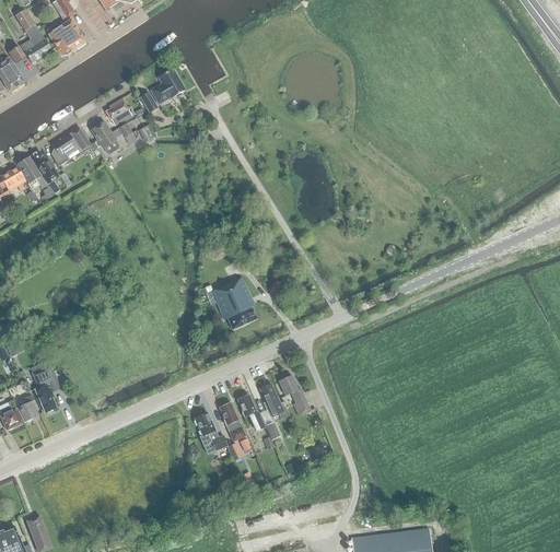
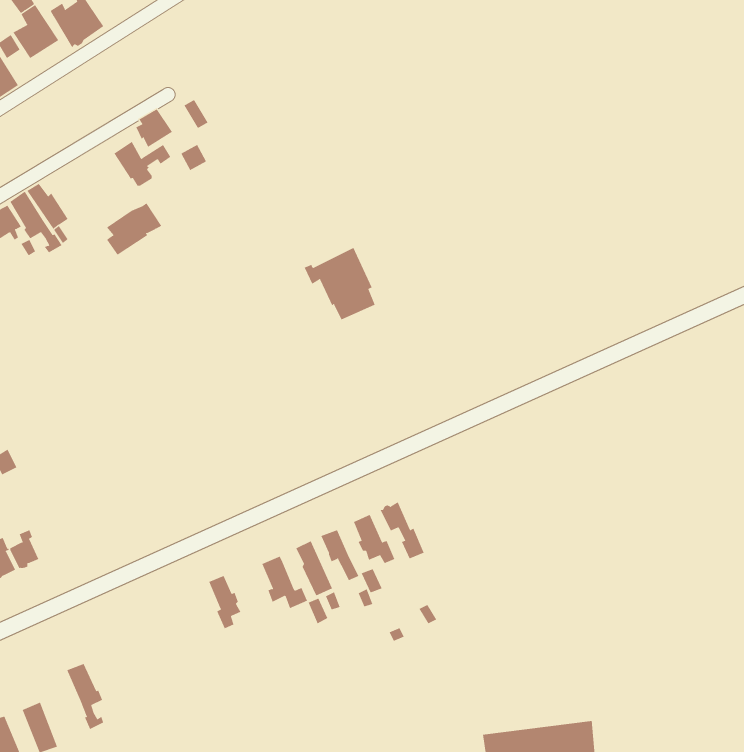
building: [151,68,185,103] -> none
building: [51,127,91,164] -> [106,203,162,255]
building: [206,278,256,329] -> [304,247,375,320]
building: [32,363,61,412] -> none
building: none -> [209,575,241,629]
building: none -> [66,663,104,730]

